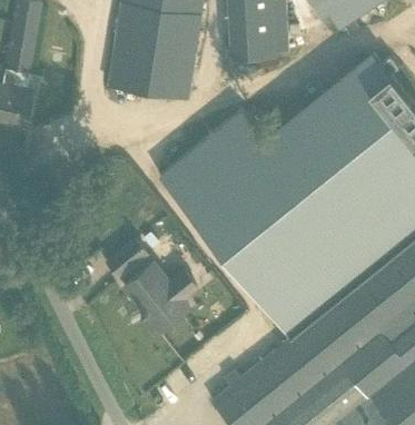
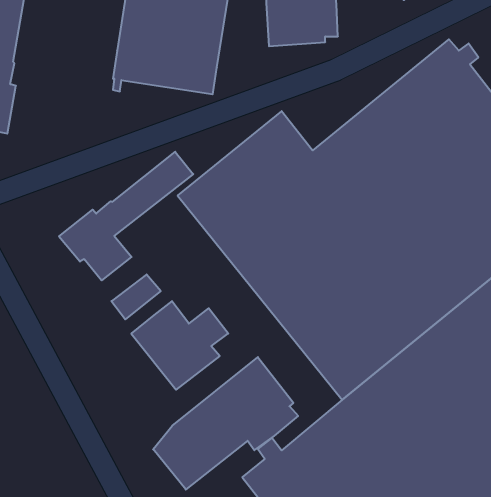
building: none -> [59,152,193,280]
building: none -> [153,357,298,490]

